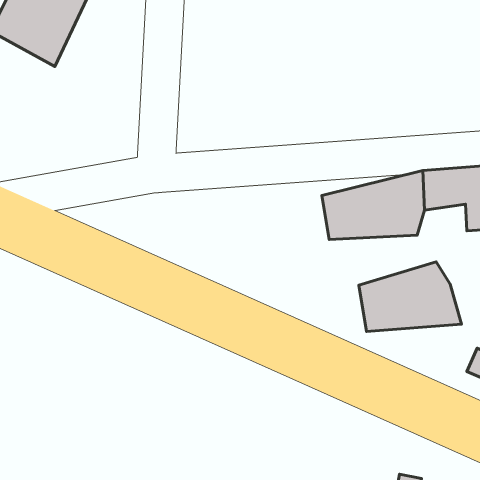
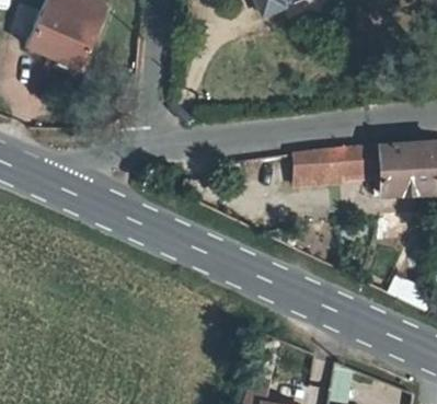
building: [359,262,462,332] -> none

